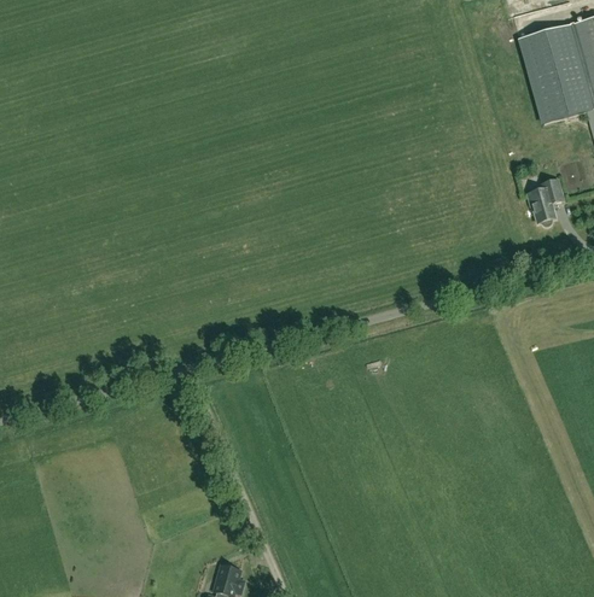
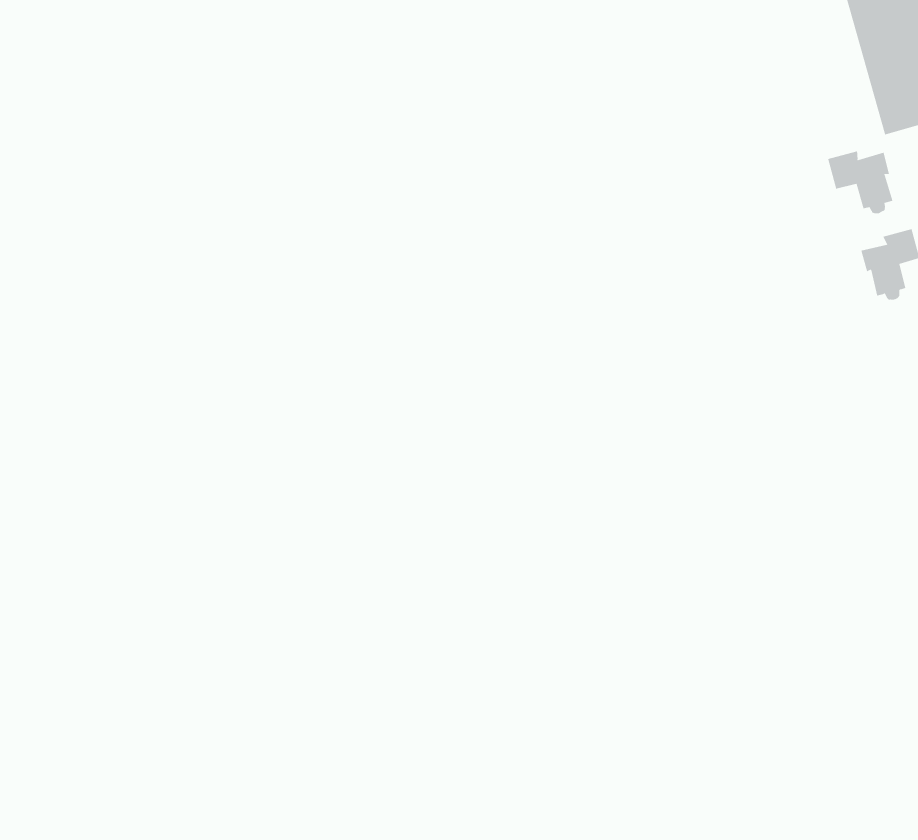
building: none -> [828,150,893,214]

